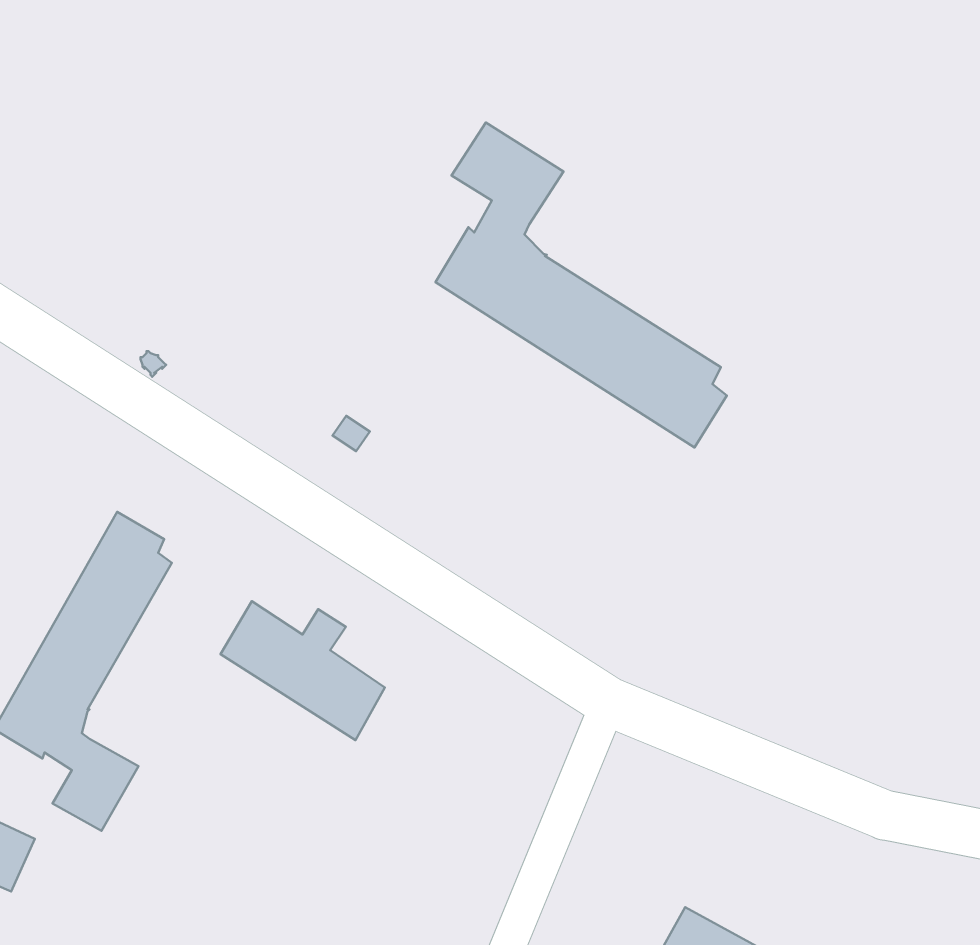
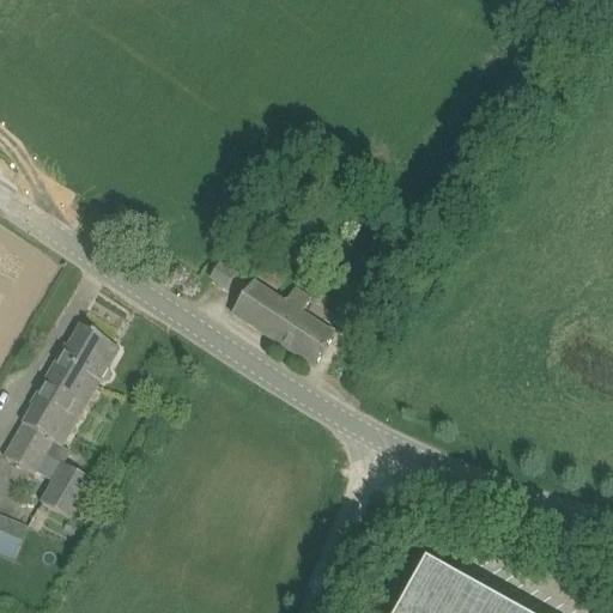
building: [436,123,727,447] -> none
building: [220,601,385,740] -> [233,279,334,364]

